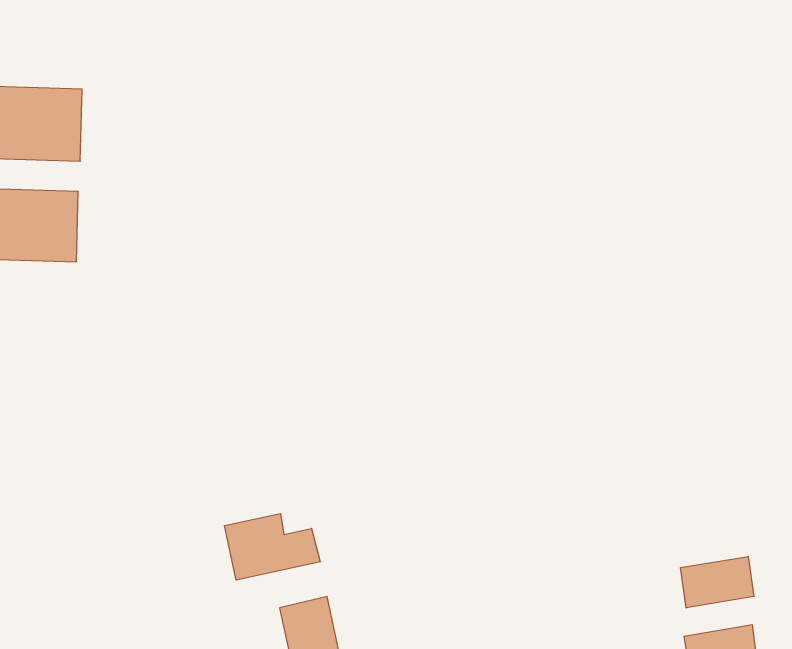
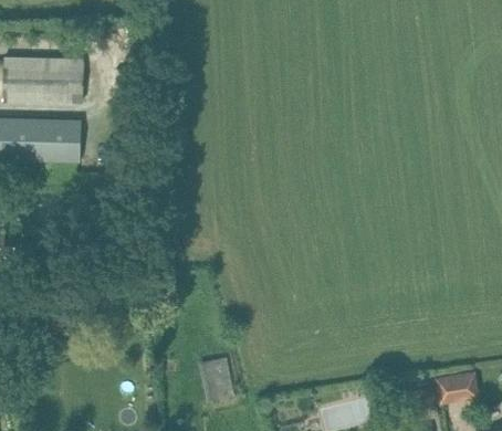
building: [225,514,320,580] -> none
building: [681,556,754,608] -> none

